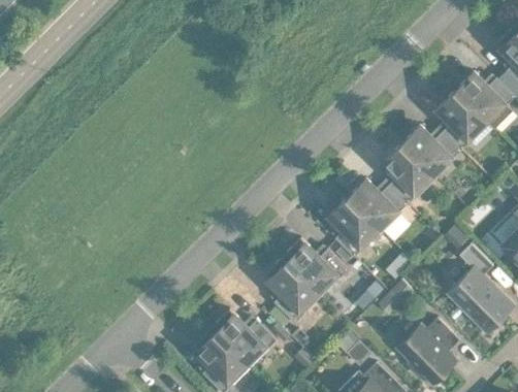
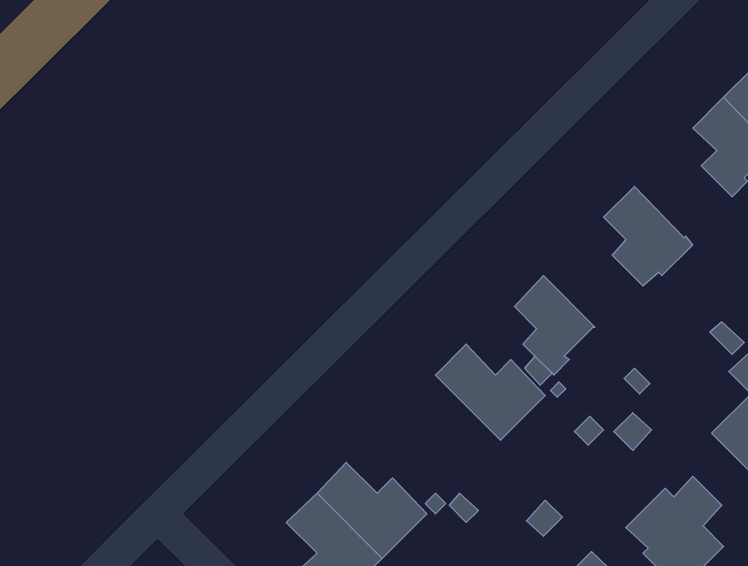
building: [402,126,461,174] -> none
building: [348,179,408,233] -> none
building: [264,257,322,323] -> none

